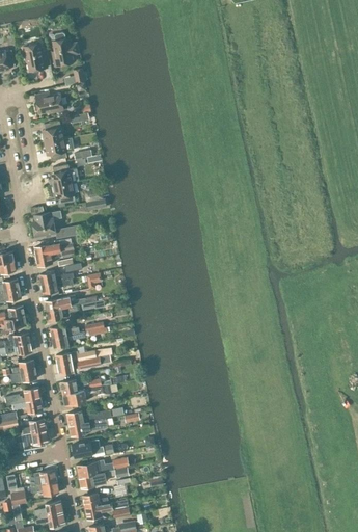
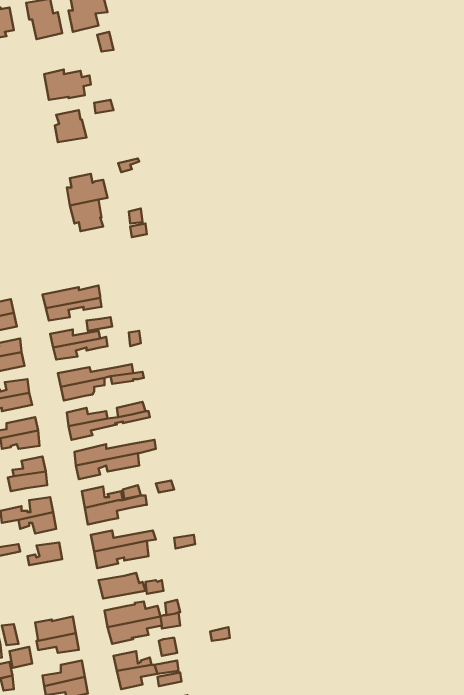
building: [44,138,73,161] -> none
building: [31,213,56,237] -> none
building: [21,430,49,451] -> none

